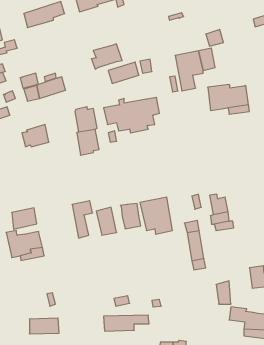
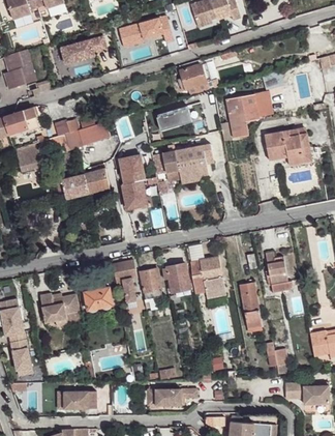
building: [91,44,122,69] -> [179,63,213,91]
building: none -> [84,170,108,195]
building: [12,208,37,229] -> [86,286,114,310]

